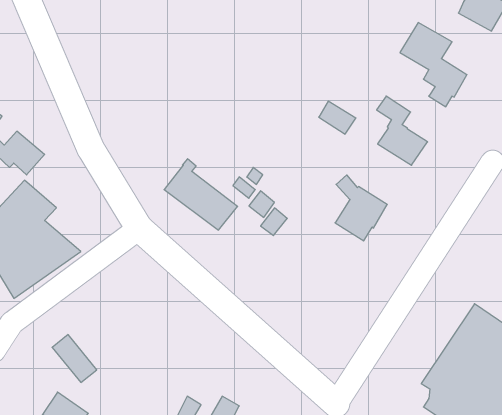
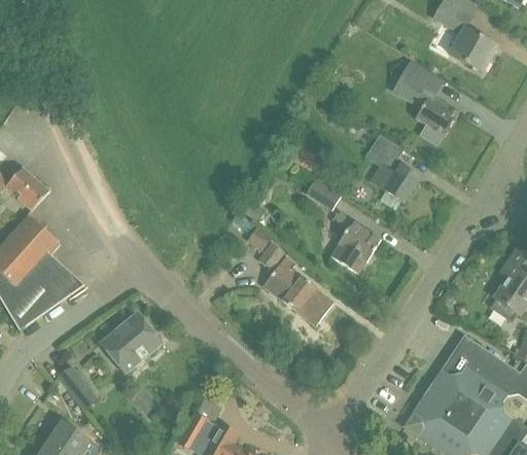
building: [319,101,356,134] -> [305,178,341,210]
building: [164,159,238,230] -> [262,255,333,324]
building: none -> [100,312,161,373]

